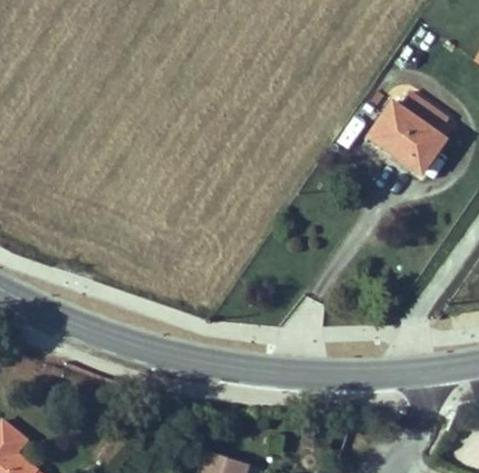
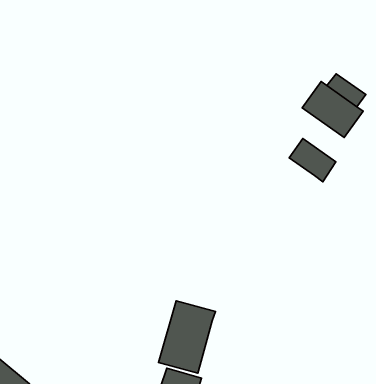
building: none -> [289,138,336,182]
building: none -> [159,301,215,373]

